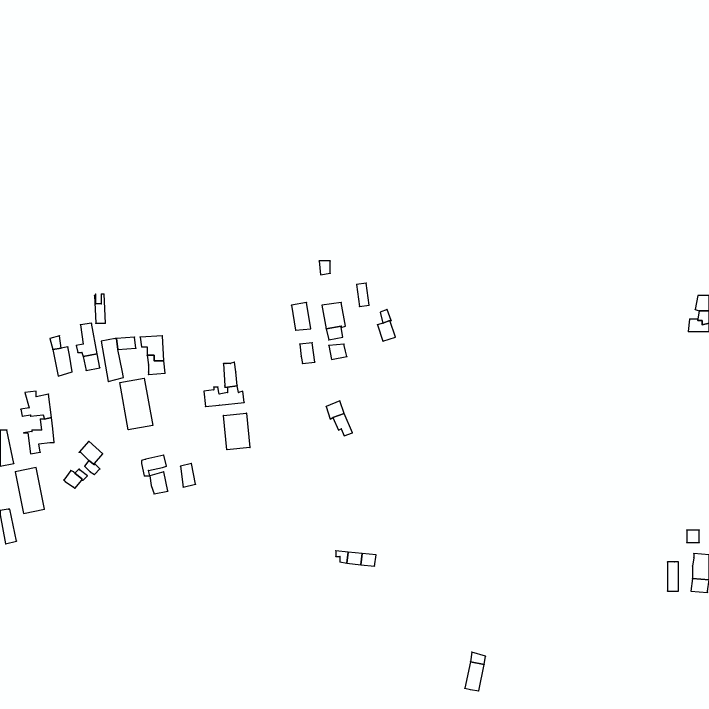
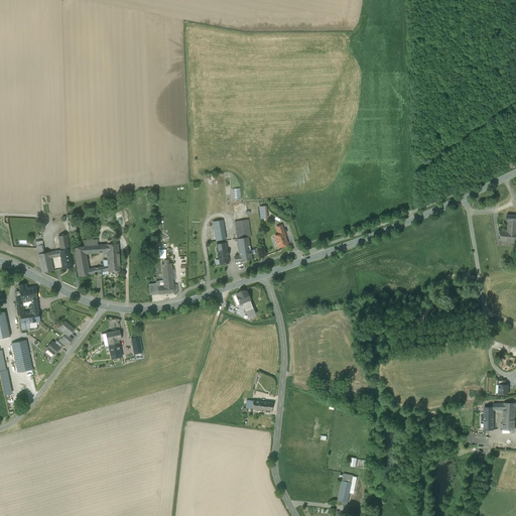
building: [120,378,153,430] -> none
building: [223,413,250,450] -> none

